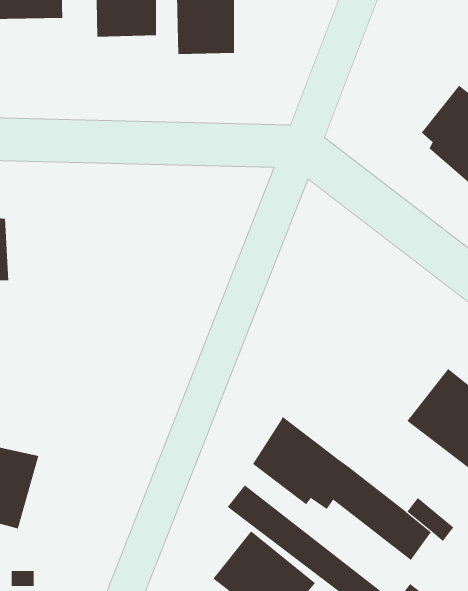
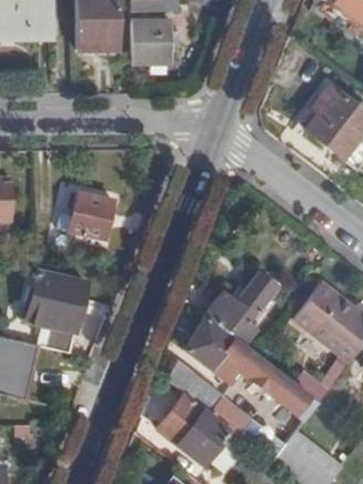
building: none -> [65,195,112,236]
building: none -> [29,271,87,351]
building: none -> [206,272,276,345]

